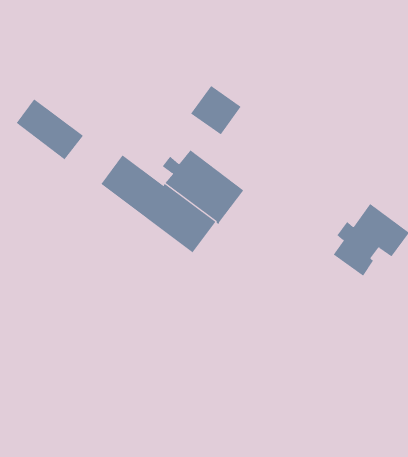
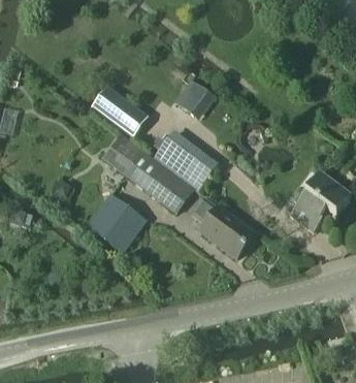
building: [16,98,84,160] -> [93,86,148,135]
building: none -> [86,192,147,252]
building: none -> [190,197,253,256]

